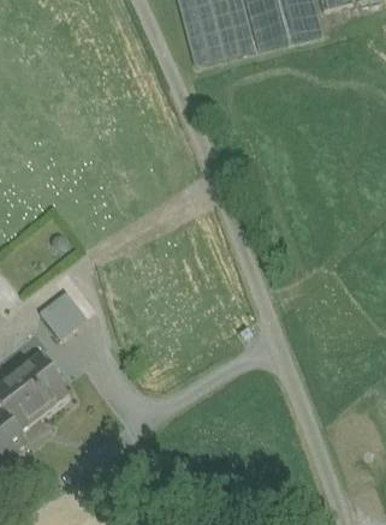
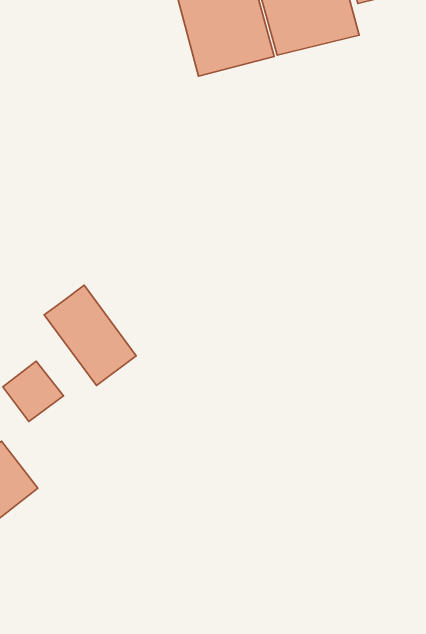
building: none -> [44,285,136,385]

